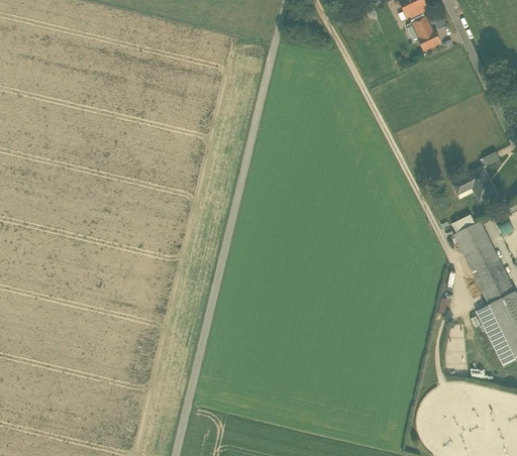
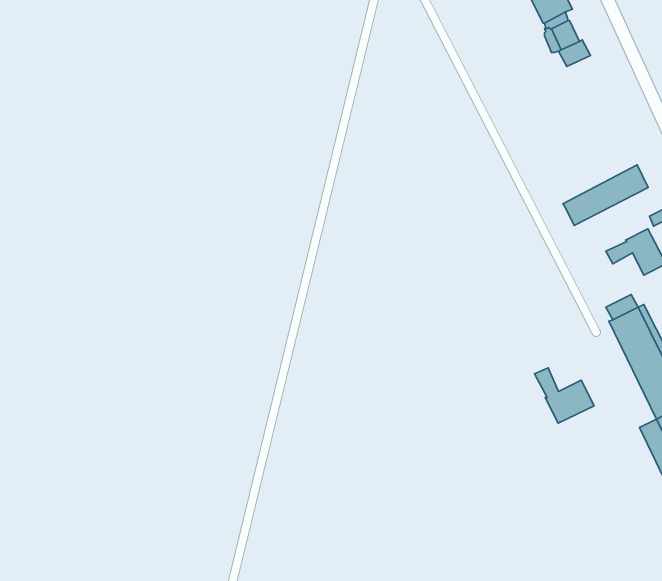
building: none -> [563,165,648,225]
building: none -> [535,368,594,423]

